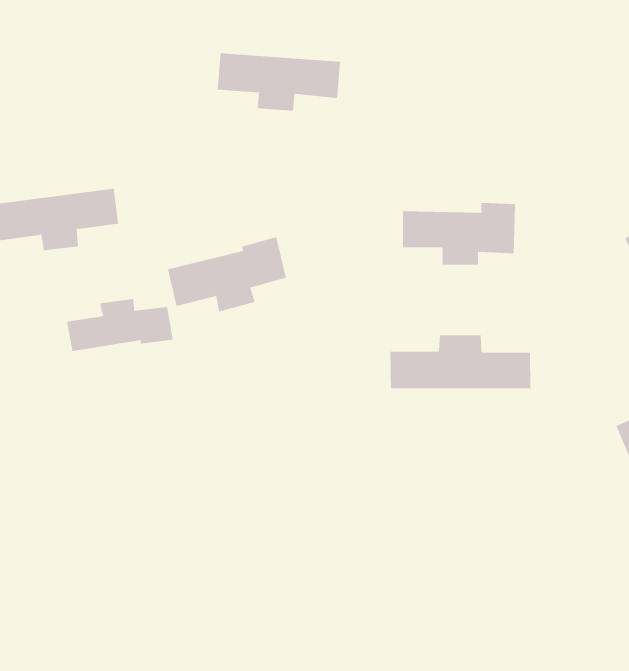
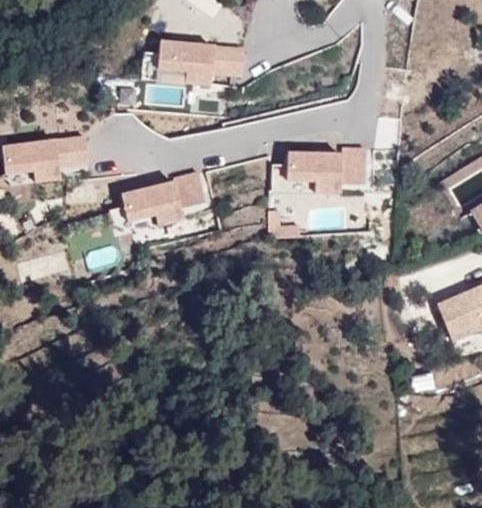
building: [66,298,173,352] -> none
building: [390,334,531,389] -> none

